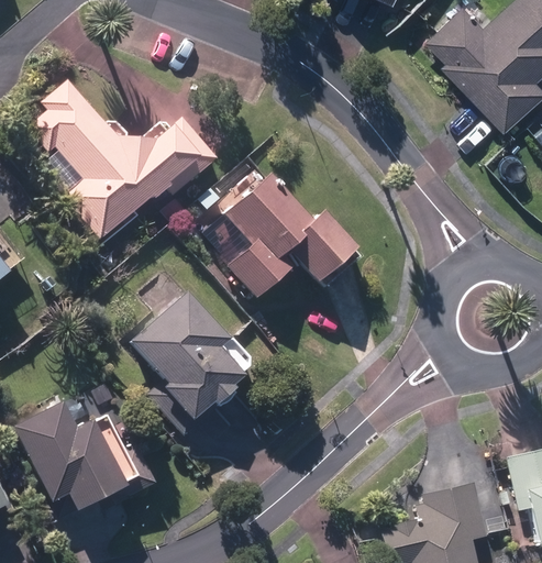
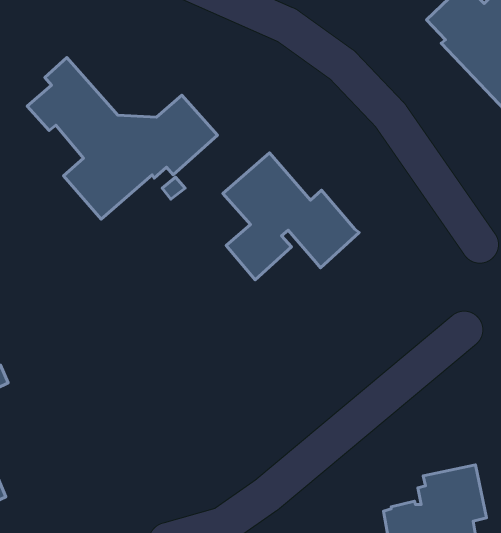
building: [130,291,250,427] -> none
building: [12,401,154,518] -> none

